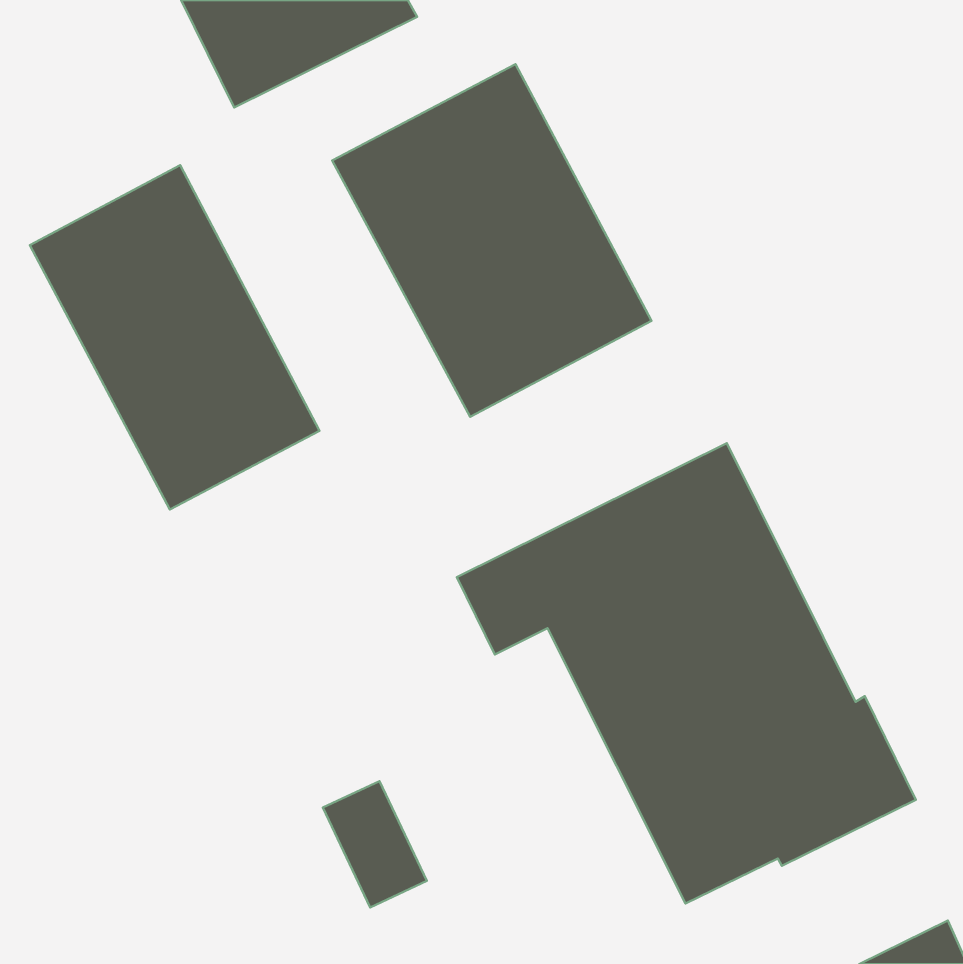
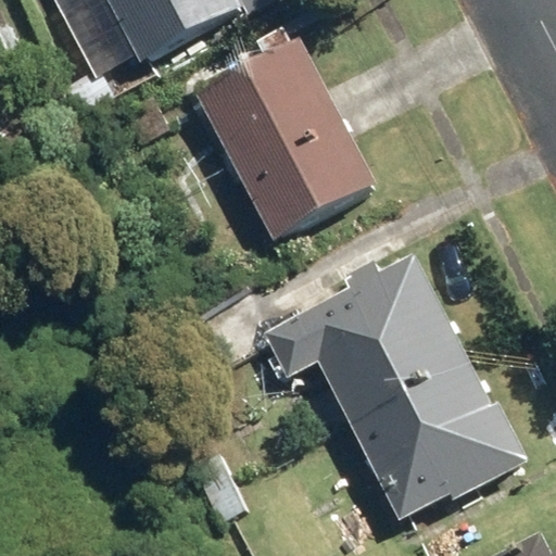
building: [30,165,319,509] -> none

